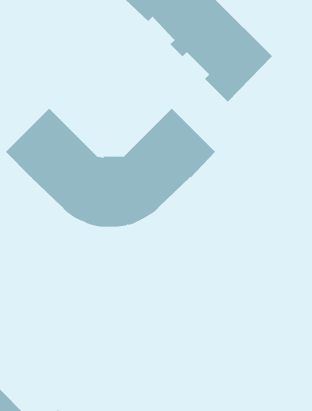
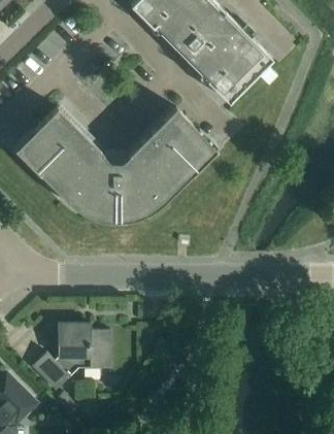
building: none -> [32,323,110,390]

